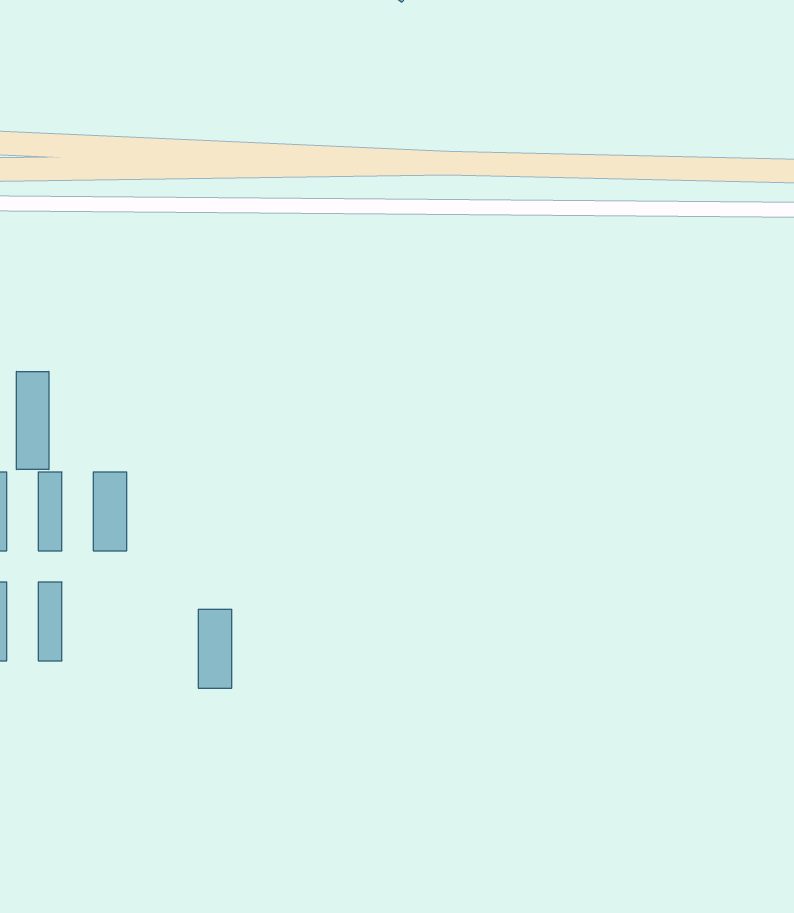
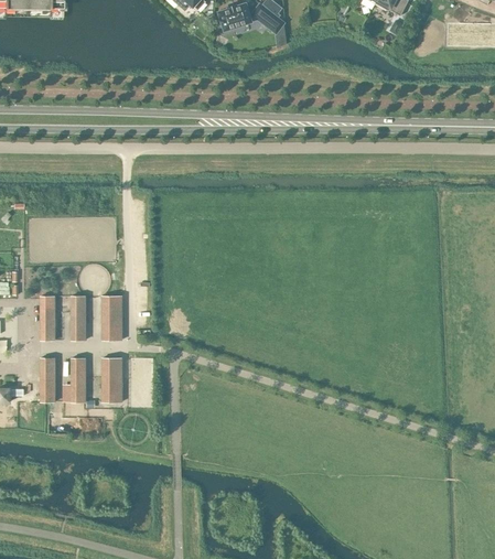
building: [17,371,49,470] -> none
building: [198,609,232,688] -> [101,356,120,400]

